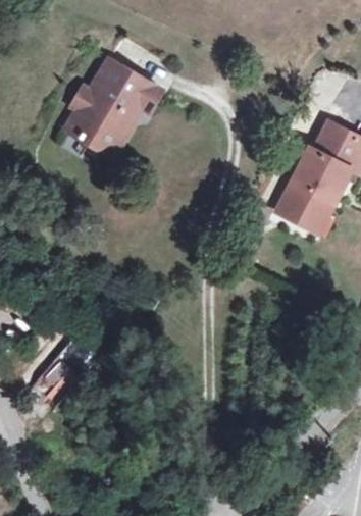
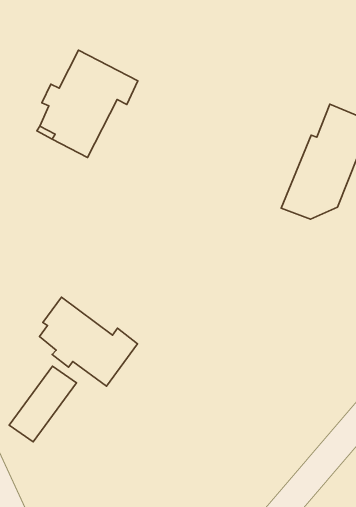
building: none -> [39,297,138,386]

